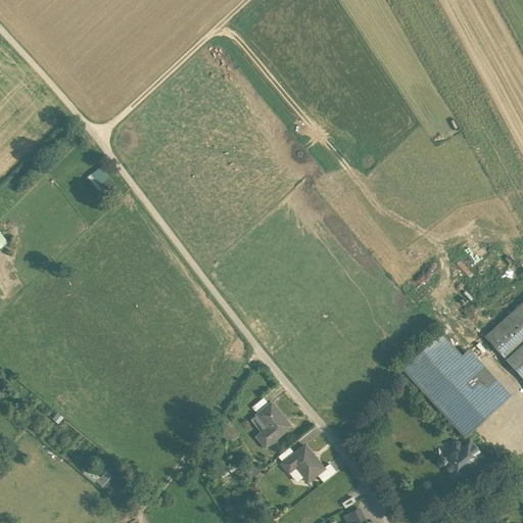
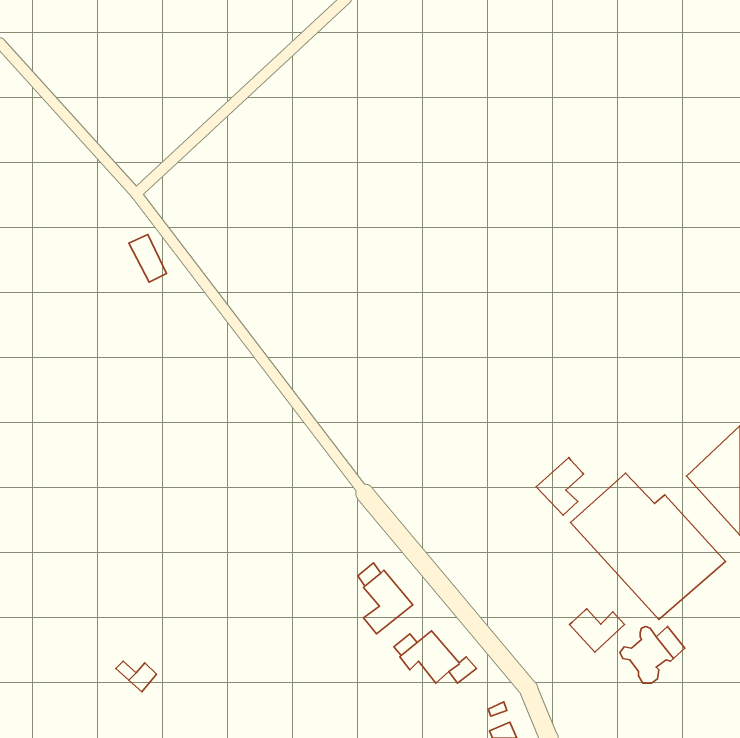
building: none -> [536,457,583,515]
building: none -> [569,609,624,652]

